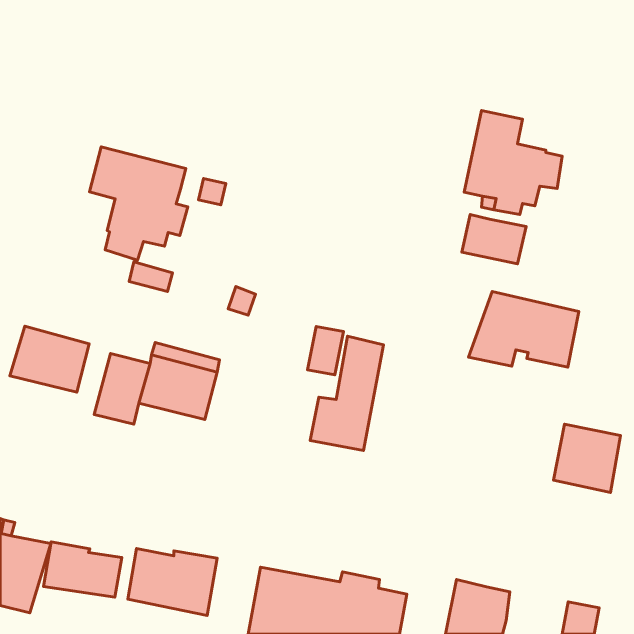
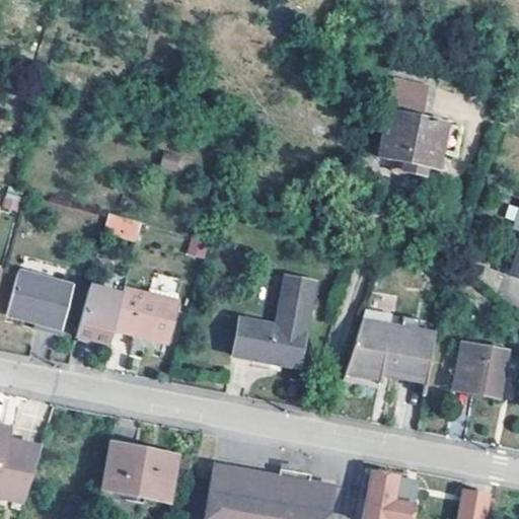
building: [89,147,188,260] -> none
building: [462,215,526,264] -> none
building: [469,292,579,367] -> [344,320,434,382]
building: [307,326,343,375] -> [231,320,261,360]
building: [43,542,122,597] -> none

